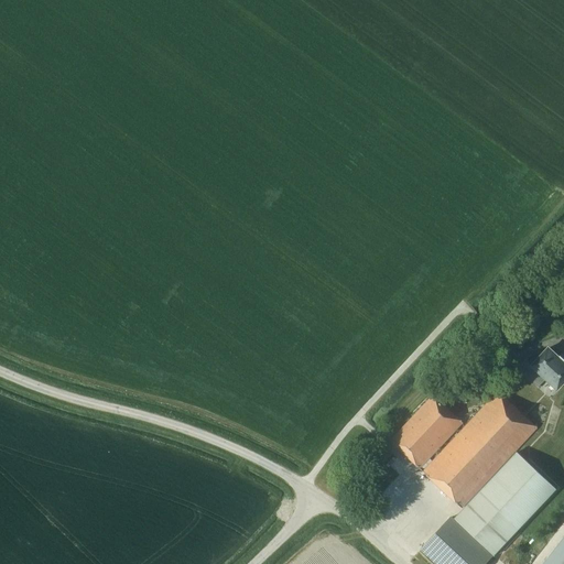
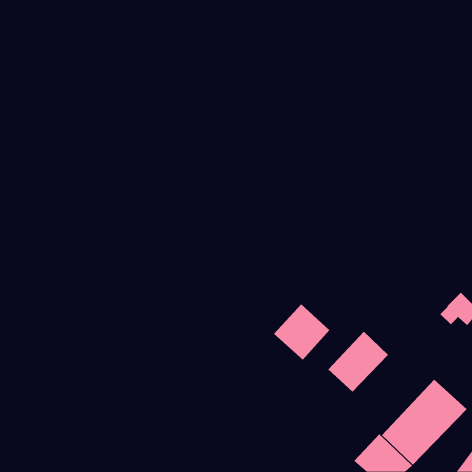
building: none -> [273,303,330,361]
building: [424,381,539,508] -> none

